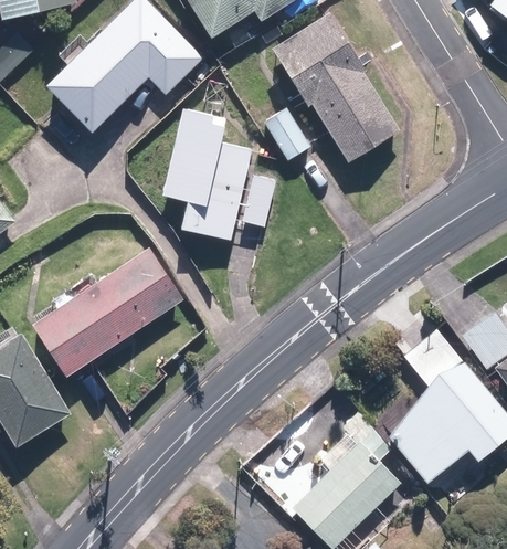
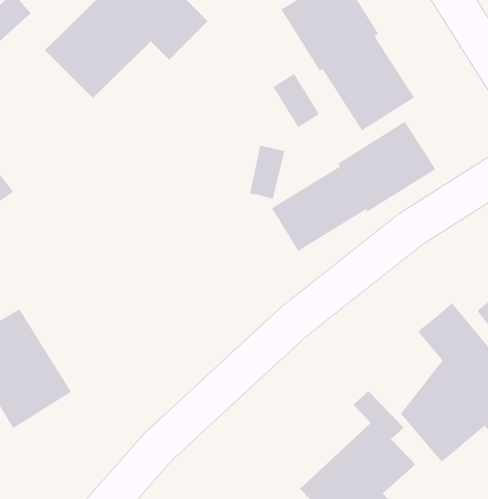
building: [163,108,251,241] -> none
building: none -> [271,121,436,252]
building: [33,247,184,377] -> none

